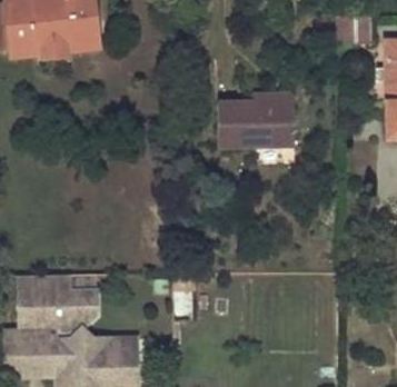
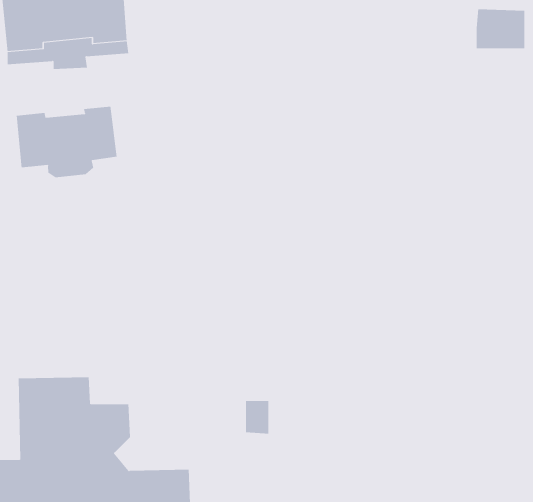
building: none -> [16,106,117,178]
building: [218,89,296,145] -> none

